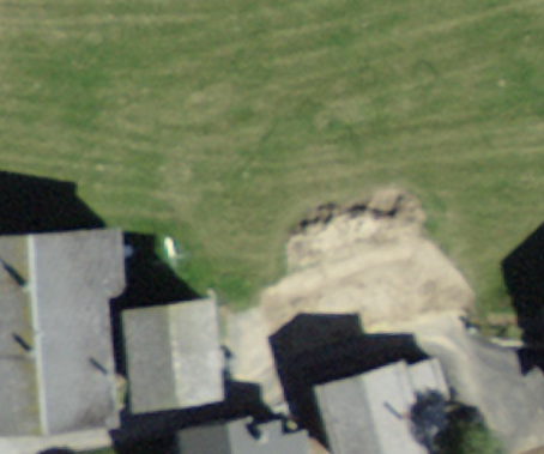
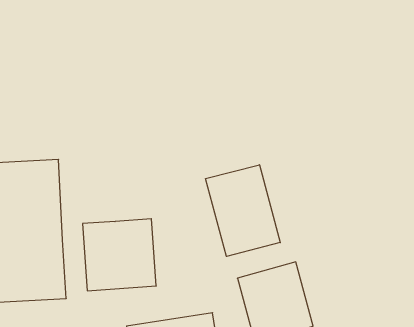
building: none -> [206,165,280,256]

